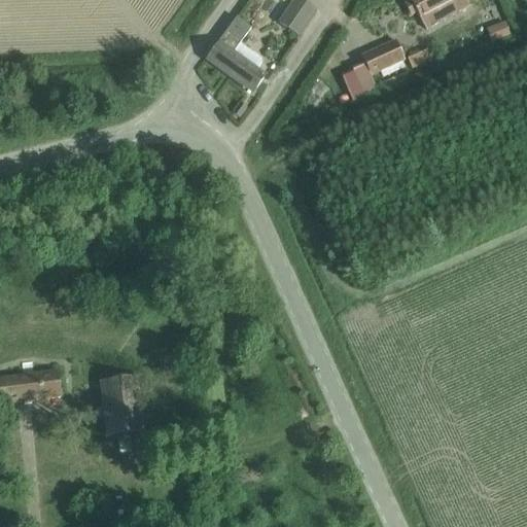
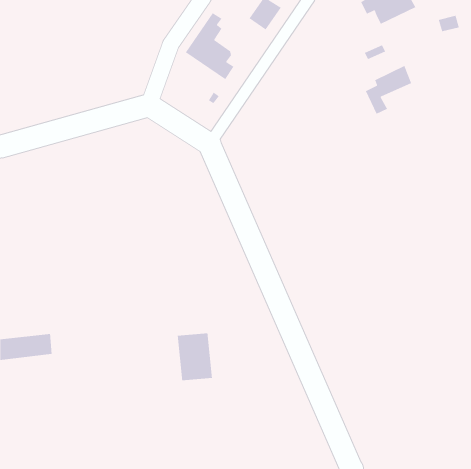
building: [350,39,402,95] -> [365,65,412,115]
building: [104,380,144,434] -> [177,332,213,381]

